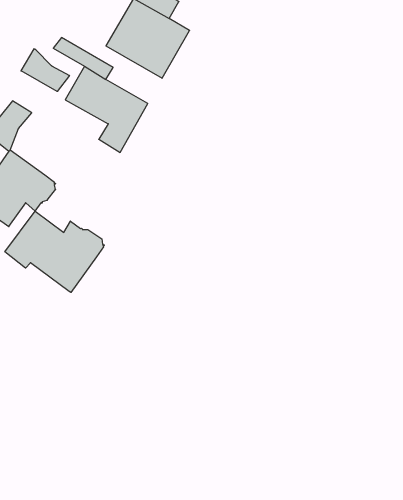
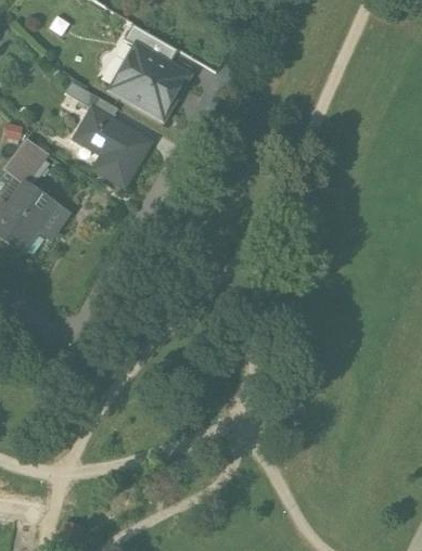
building: [21,49,69,91] -> none
building: [5,211,104,292] -> none

